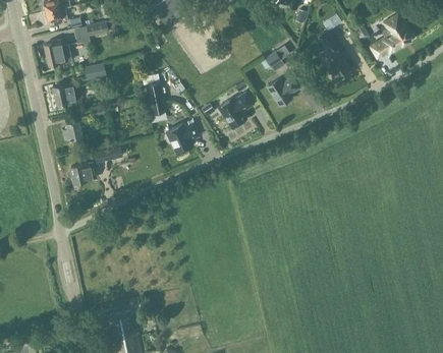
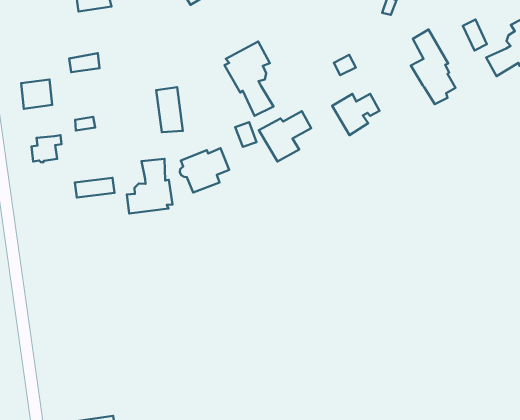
building: [44,39,65,65] -> none
building: none -> [224,42,274,116]
building: none -> [127,159,173,213]
building: [70,162,96,183] -> none

